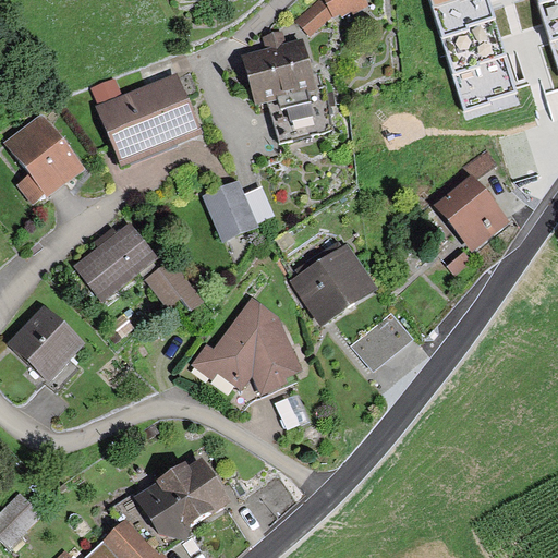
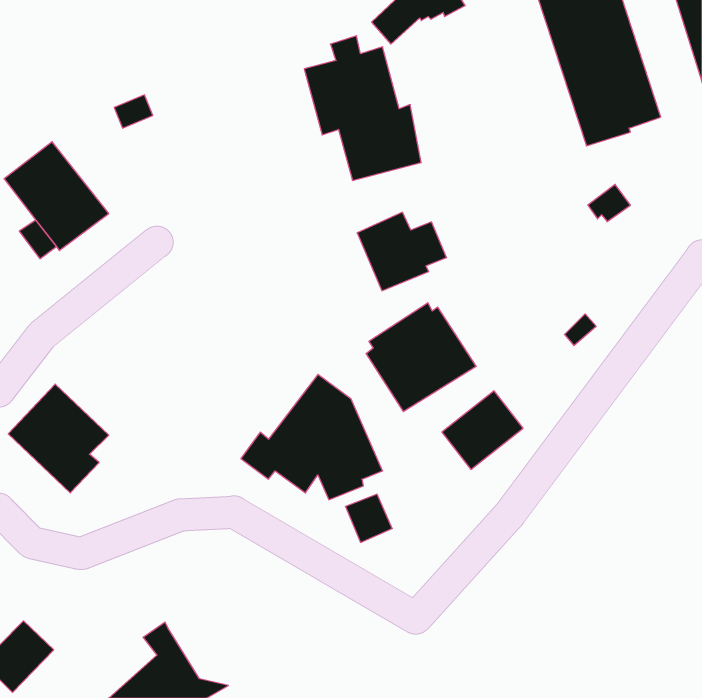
building: [95,72,203,168] -> none
building: [433,175,510,252] -> none
building: [203,179,274,241] -> [357,212,447,291]
building: [73,222,157,302] -> none
building: [146,258,206,313] -> none
building: [133,460,229,544] -> none

